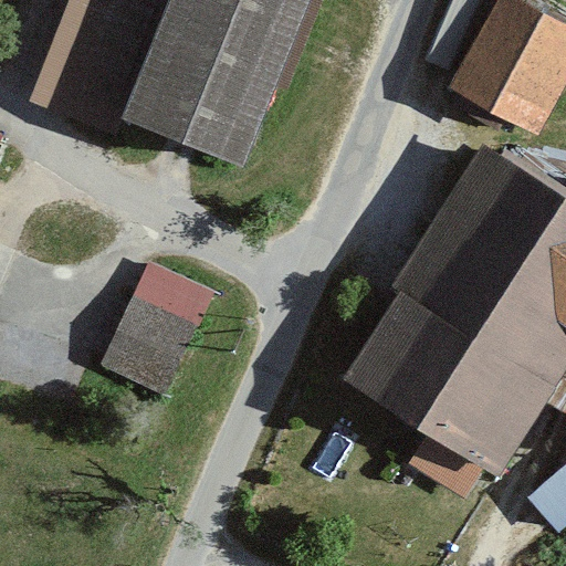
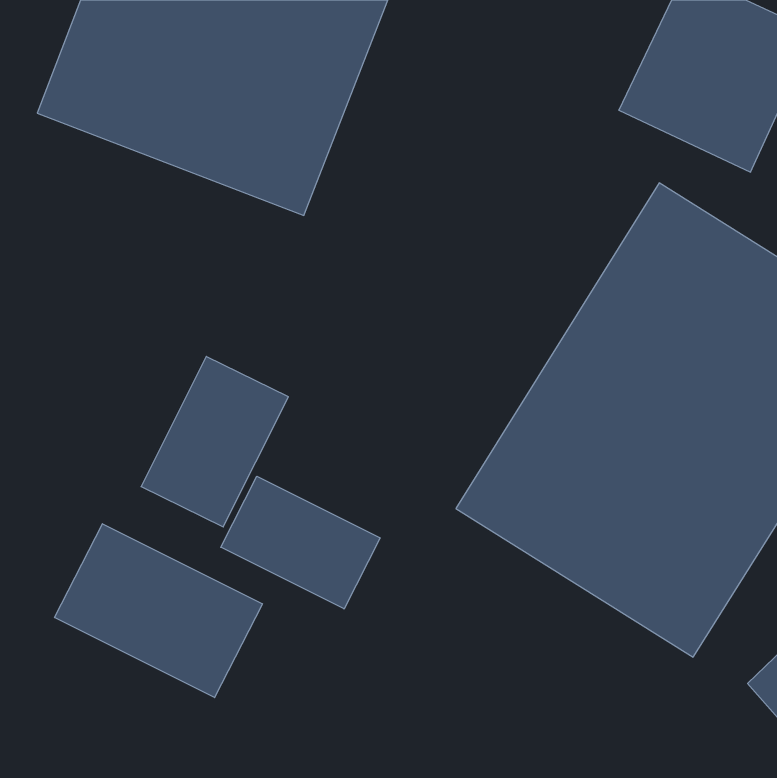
building: none -> [221,476,380,609]
building: none -> [55,524,262,698]

